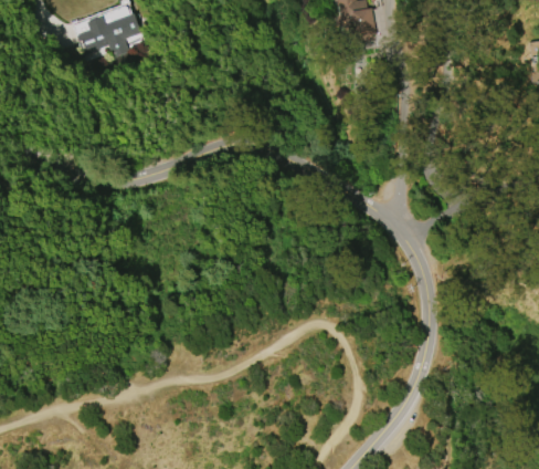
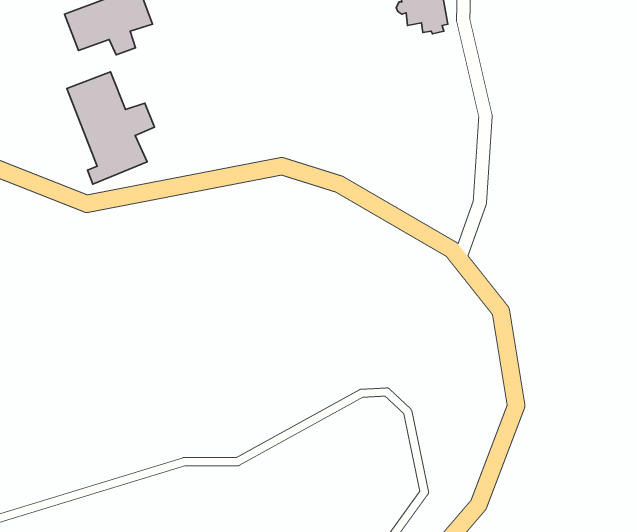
building: none -> [67,72,155,184]

